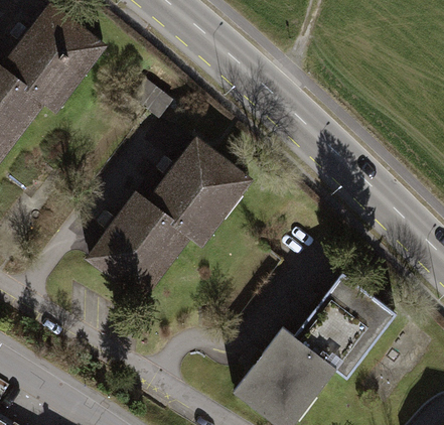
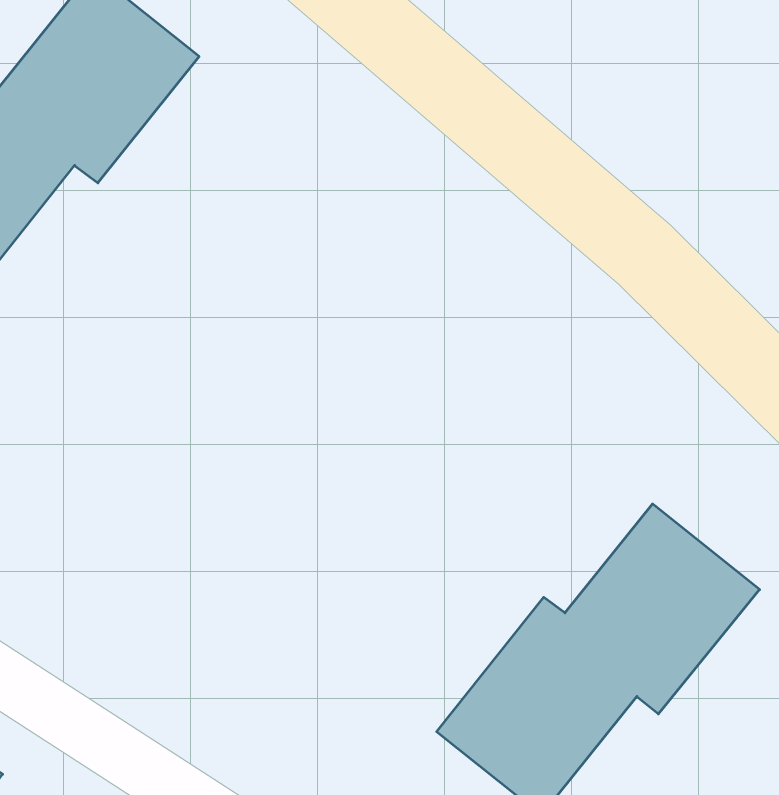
building: [87,141,250,299] -> none

